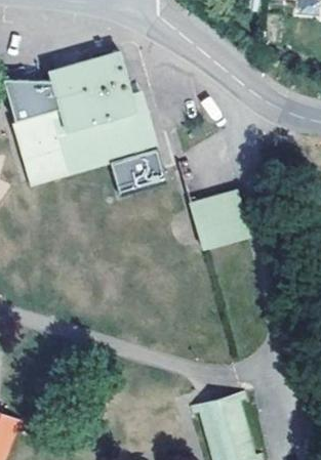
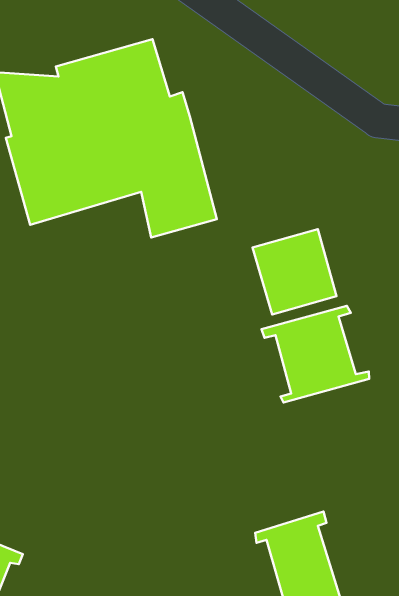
building: none -> [261,306,369,402]

